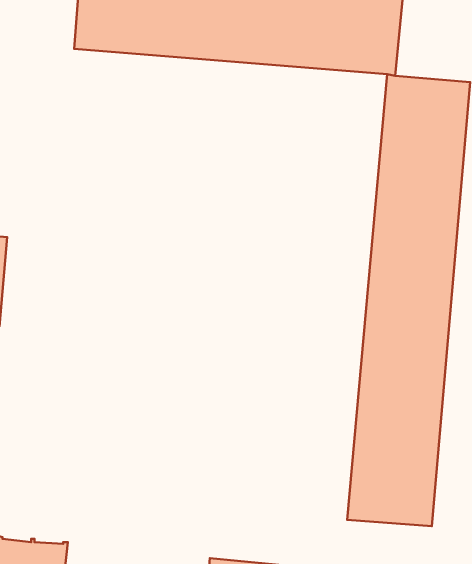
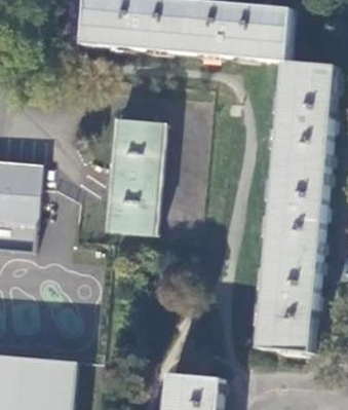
building: none -> [106,119,165,234]

